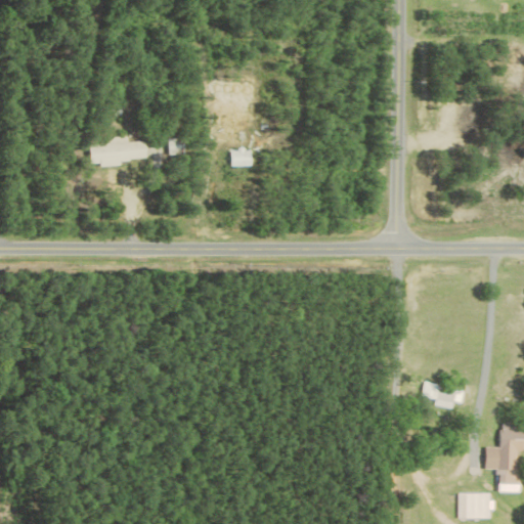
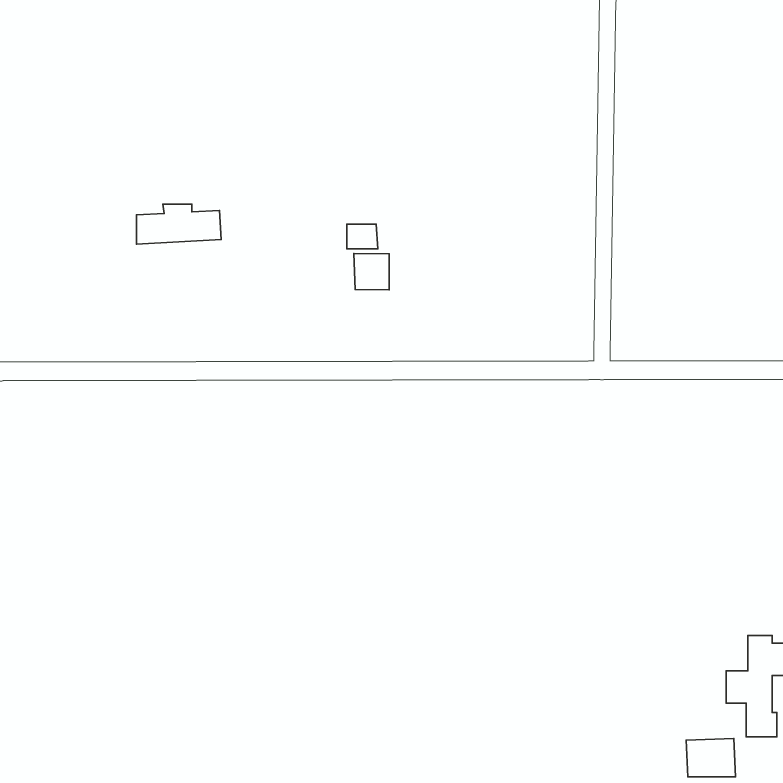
building: none -> [354,254,389,290]
building: [422,382,465,409] -> none

